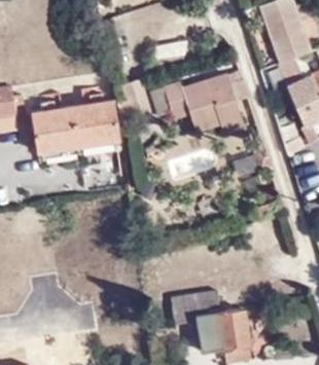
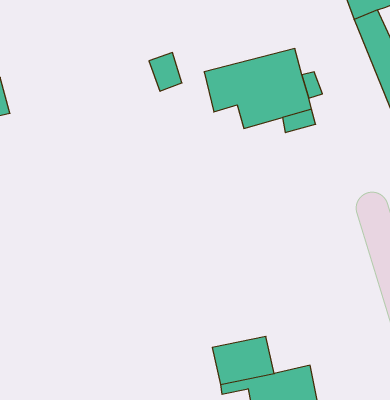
building: [34,87,125,154] -> none

